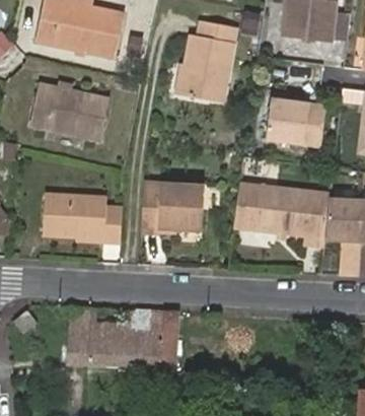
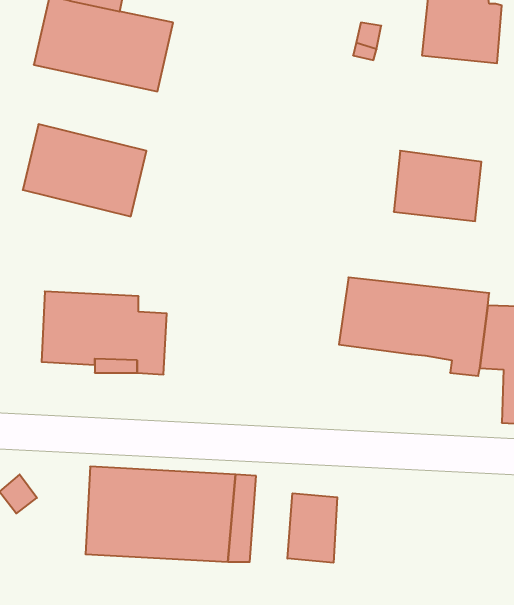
building: [177,21,234,107] -> none
building: [138,184,202,233] -> none
building: none -> [287,493,337,563]

